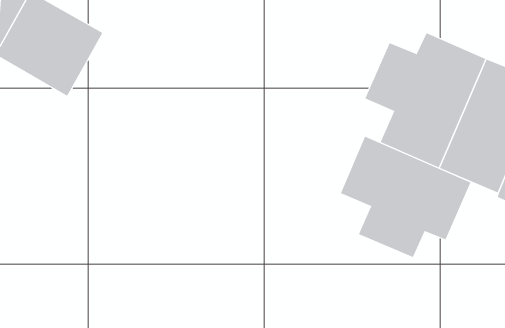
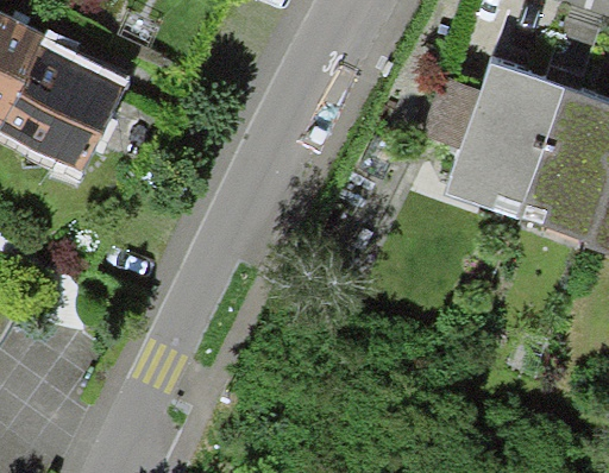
building: [340,136,471,258] -> none

